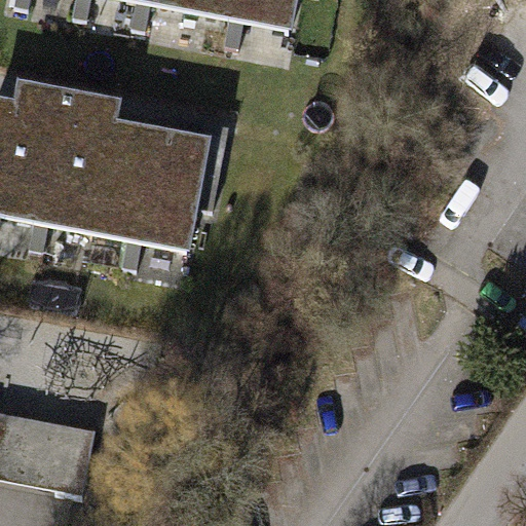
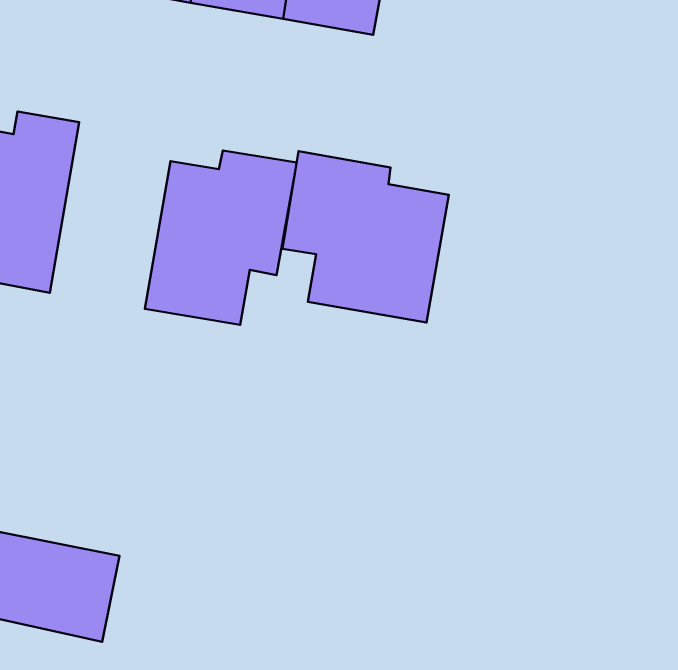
building: [38,93,130,236] -> none
building: none -> [282,151,449,323]

